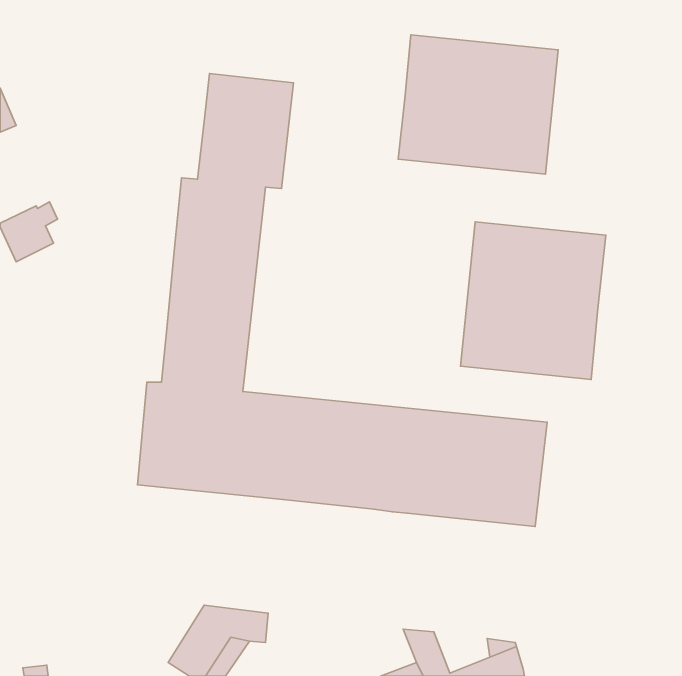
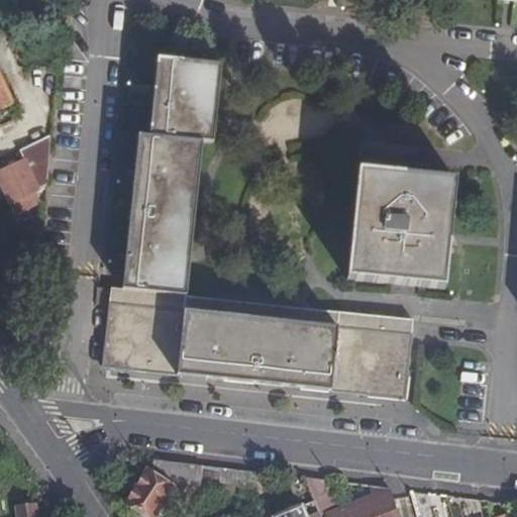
building: [398,35,558,174] -> none

